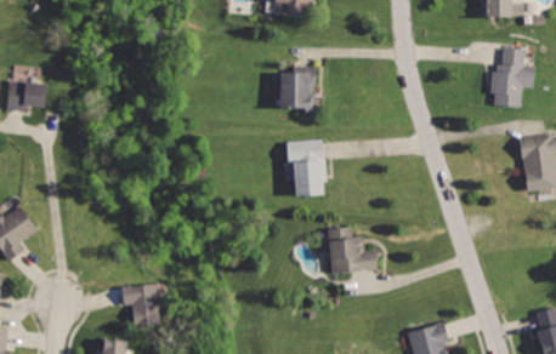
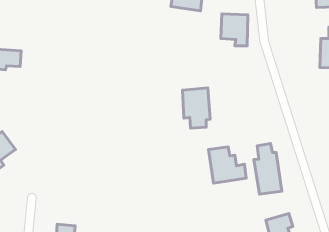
building: [278,68,318,115] -> [221,14,248,46]
building: none -> [254,143,282,194]
building: [123,280,163,327] -> none

